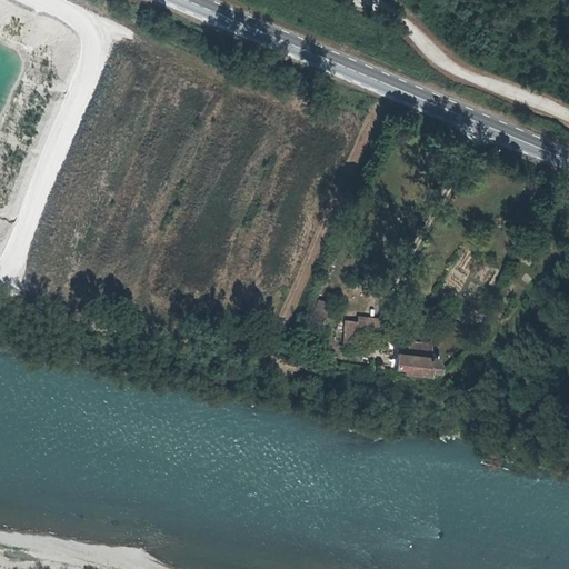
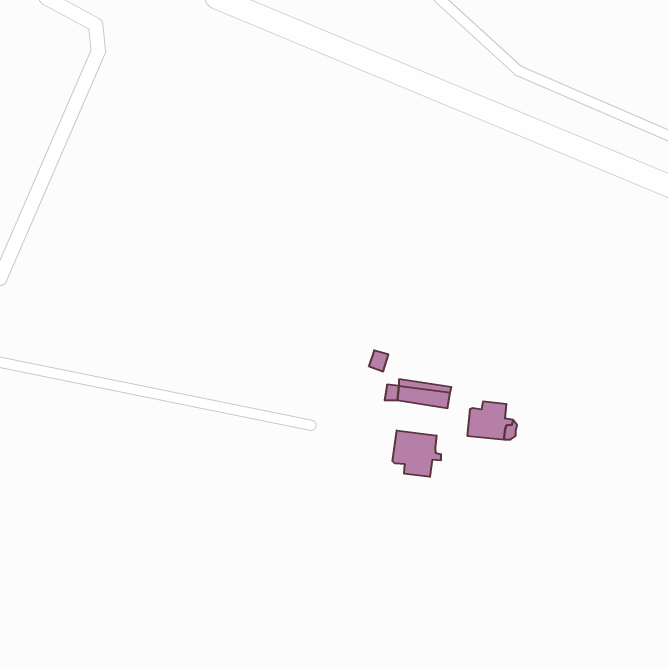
building: none -> [393,430,441,477]

